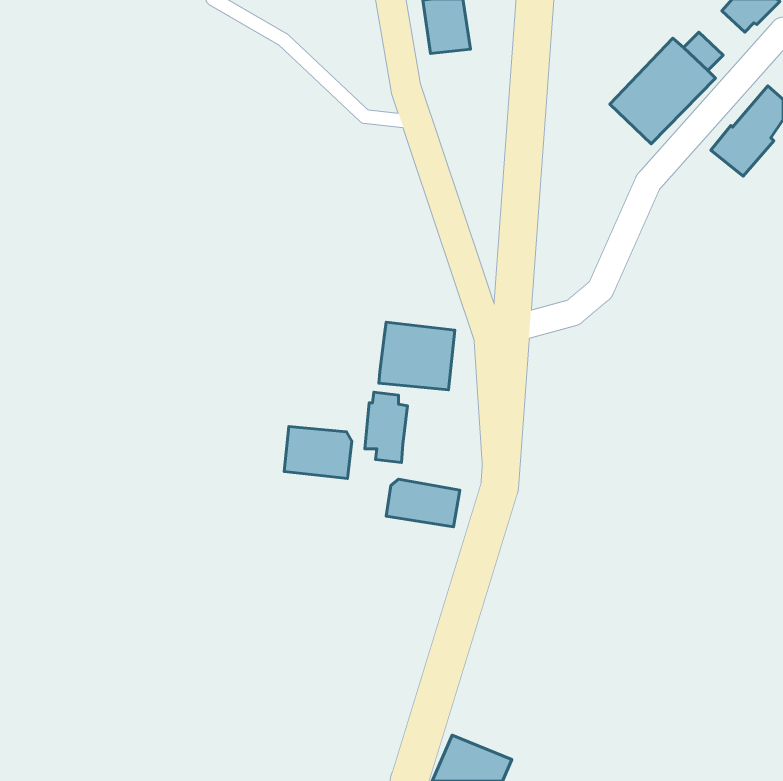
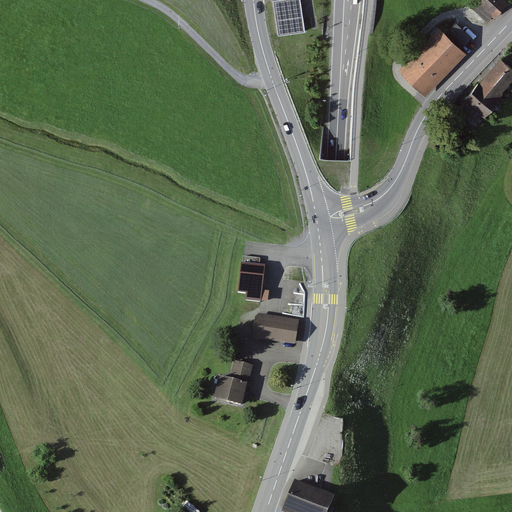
building: [379,322,455,390] -> none
building: [284,427,352,478] -> none
building: none -> [215,361,253,404]

